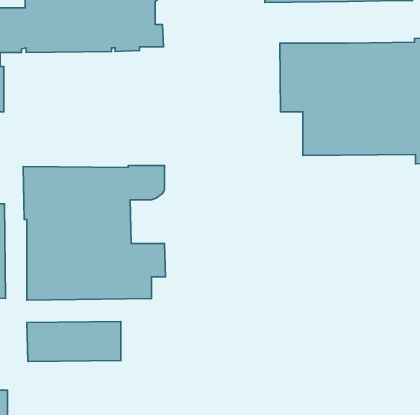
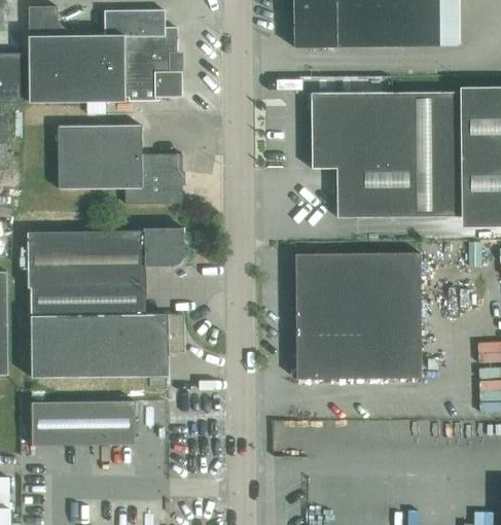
building: none -> [58,126,183,204]
building: none -> [295,252,422,380]

